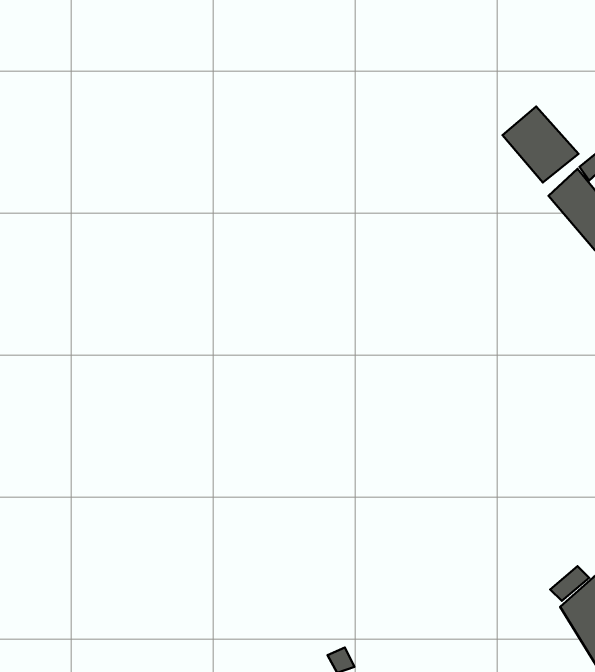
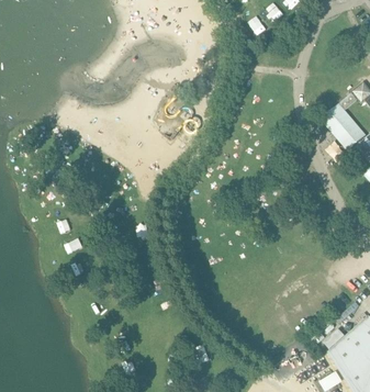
building: [503,107,579,182] -> none

